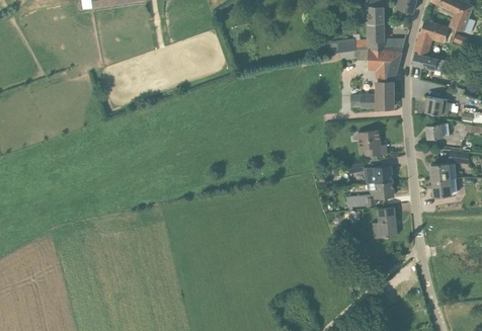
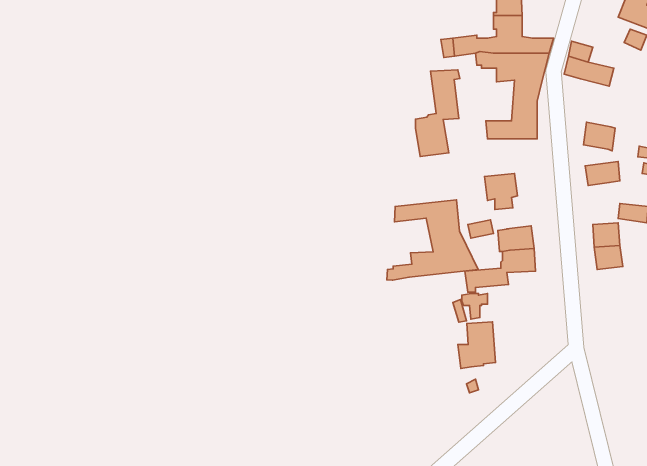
building: [419,20,449,43] -> none
building: none -> [416,70,460,156]
building: none -> [387,200,478,280]
building: [372,208,397,239] -> [458,322,495,368]

